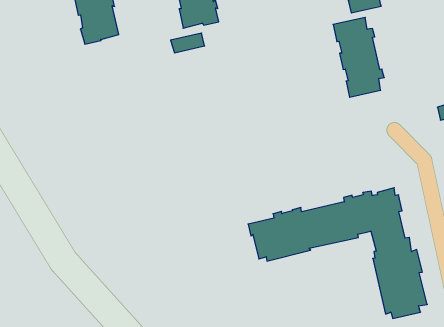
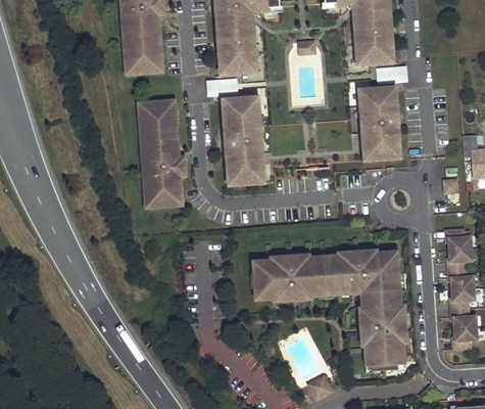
building: none -> [222,97,261,183]
building: none -> [138,102,184,207]

